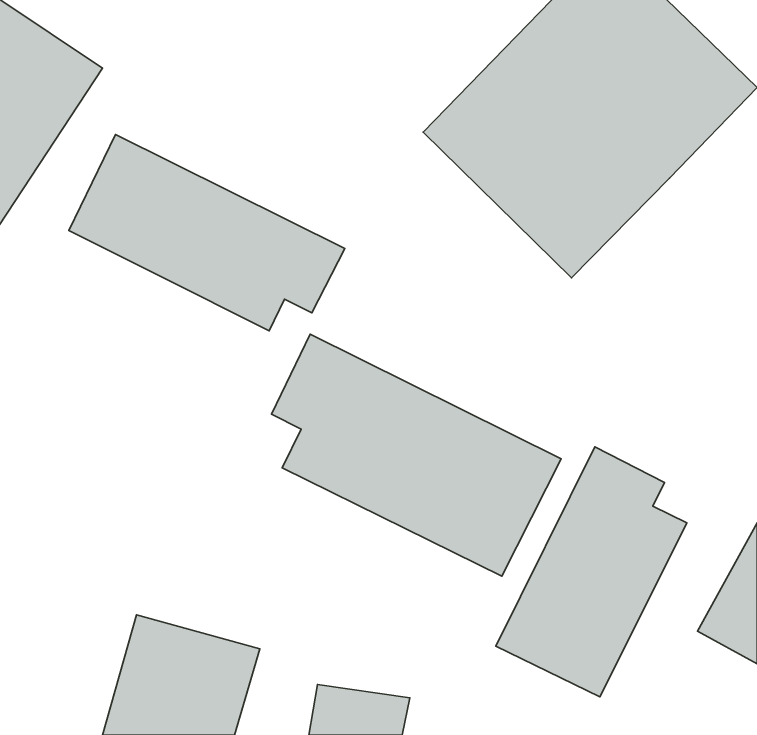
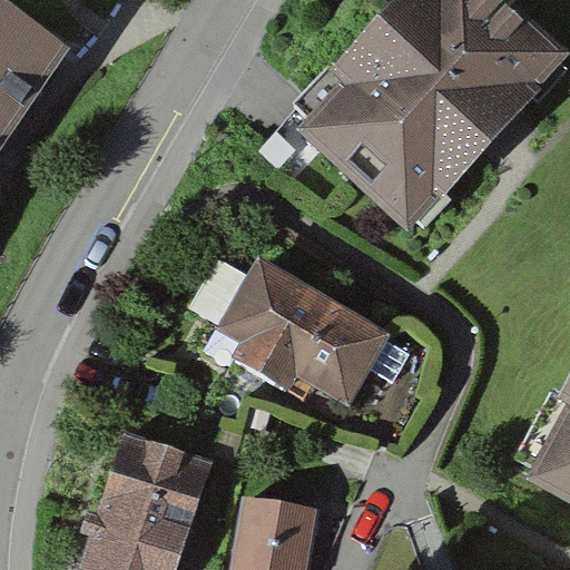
building: [69,134,345,331] -> none
building: [496,447,687,697] -> none

